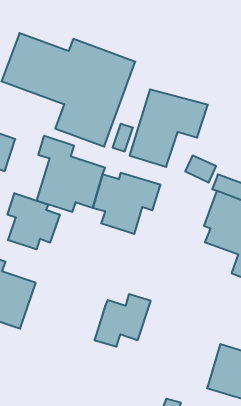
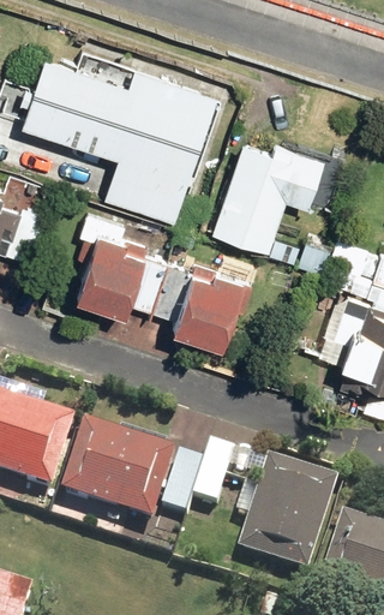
building: [8,193,60,249] -> none
building: none -> [48,420,174,542]
building: none -> [234,460,336,573]

